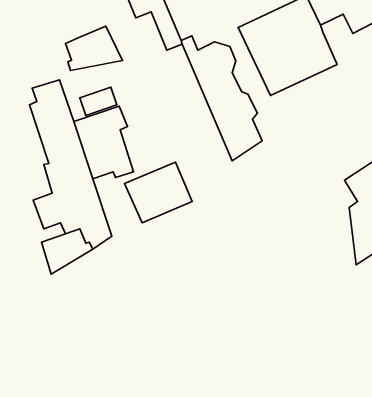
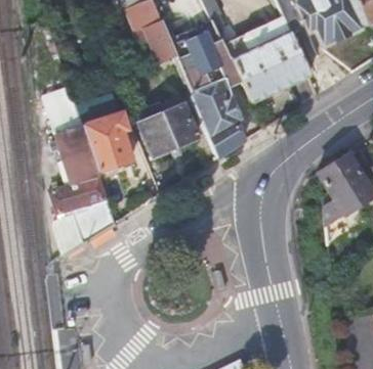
building: [66,26,122,70] -> none
building: [124,162,192,223] -> [138,104,197,156]

